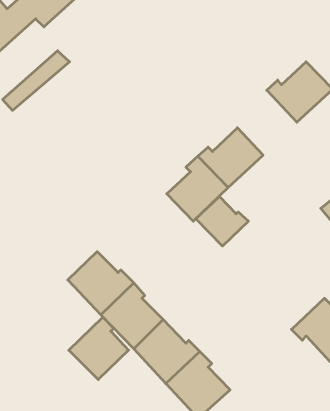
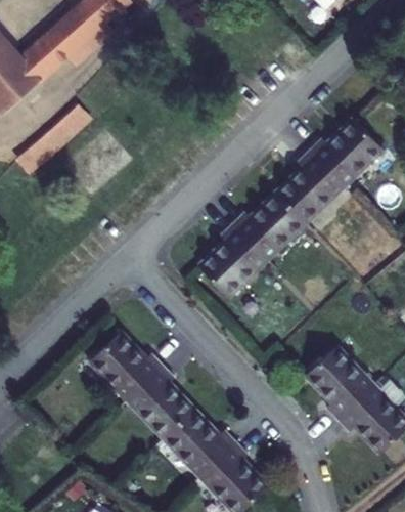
building: none -> [278,150,345,222]
building: [196,196,248,246] -> none
building: none -> [307,343,375,417]
building: [69,317,129,380] -> none

